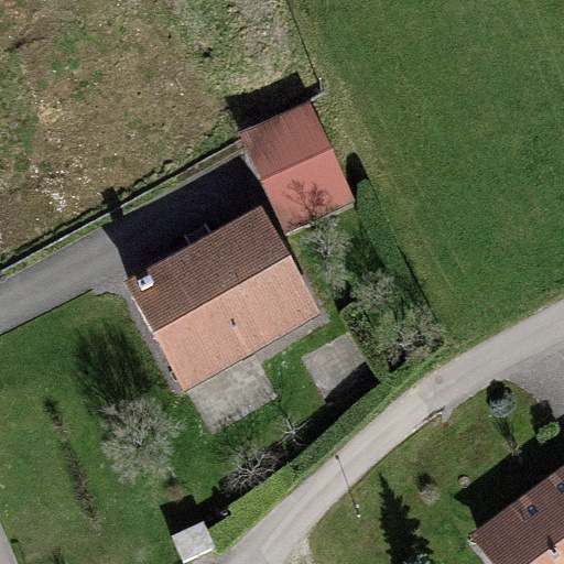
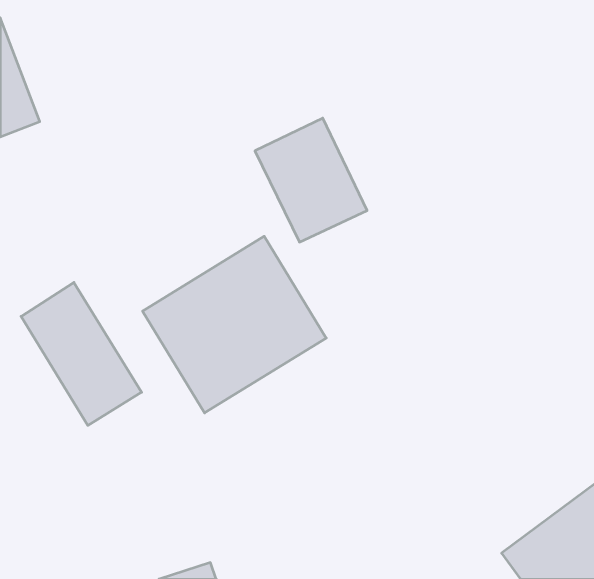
building: none -> [21,282,142,425]

